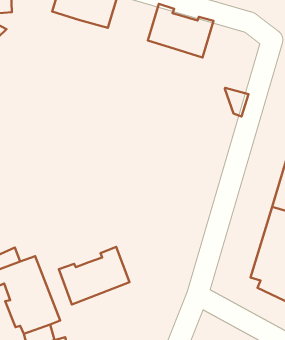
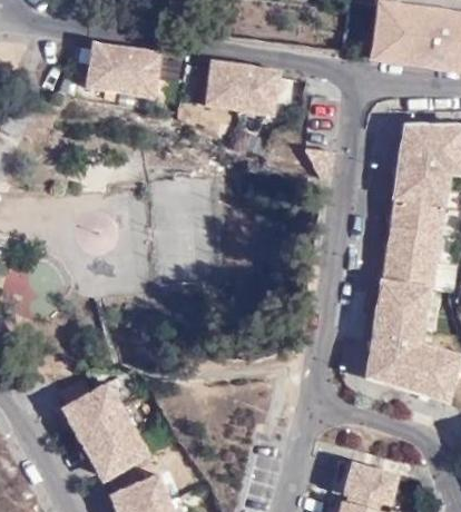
building: [59,247,129,305] -> none

